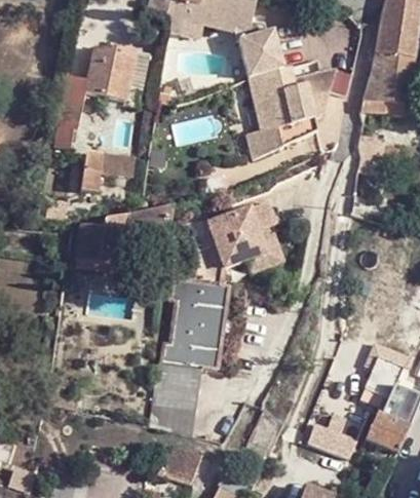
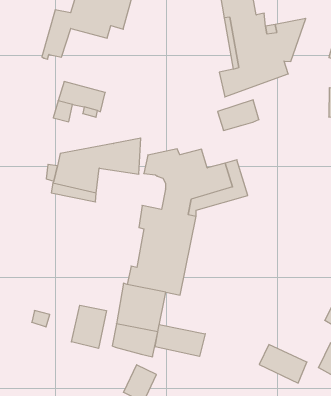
building: [231,199,275,233] -> [218,100,259,130]
building: none -> [71,305,106,348]
building: none -> [155,325,205,356]

